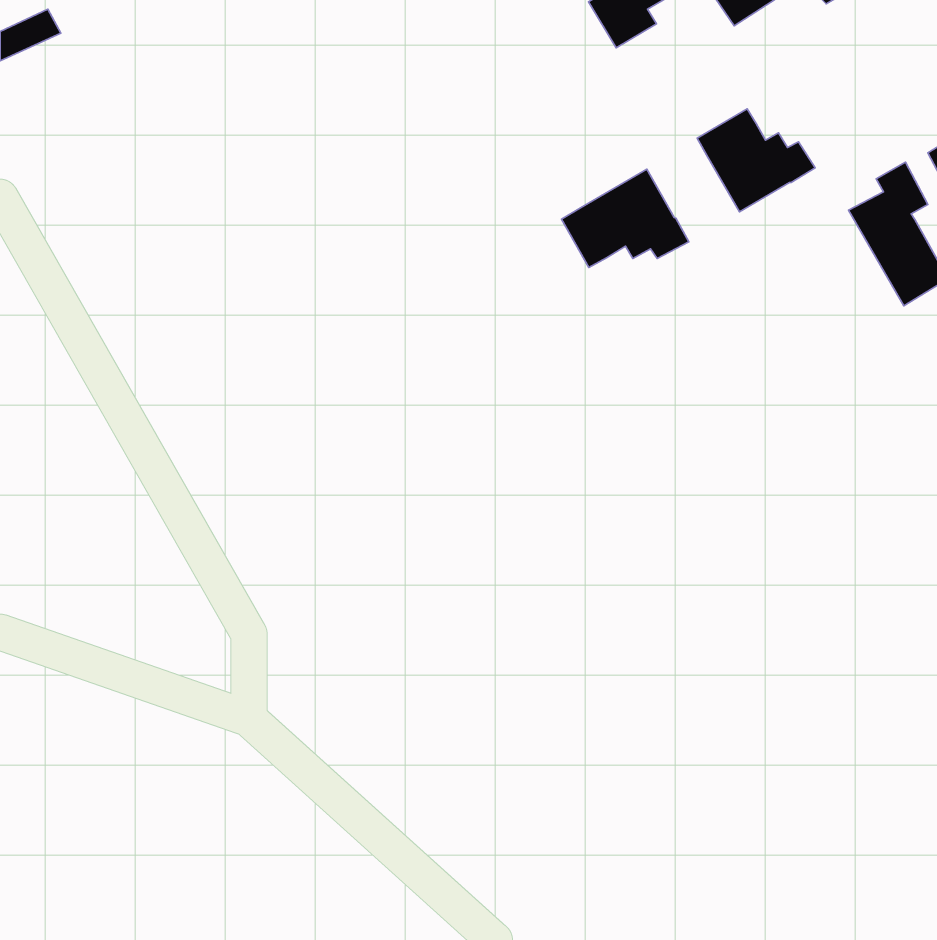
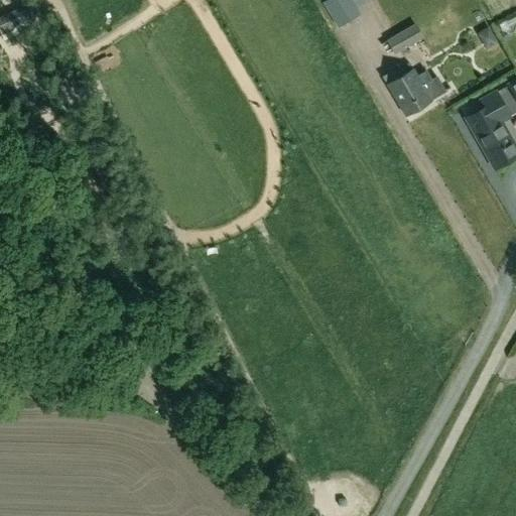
building: none -> [388,21,426,53]
building: [562,169,689,267] -> none

